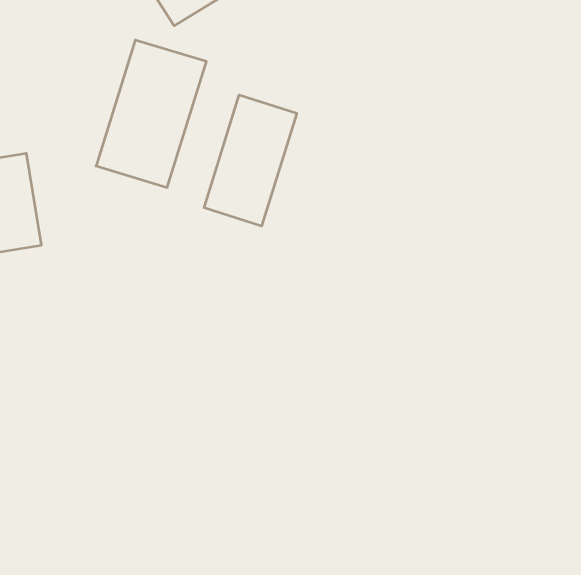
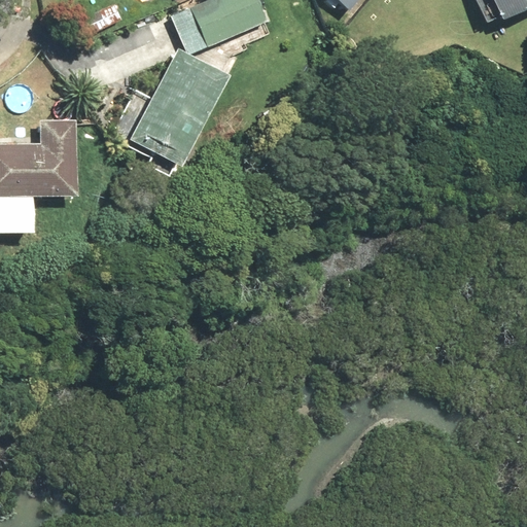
building: [204,95,297,226] -> none

